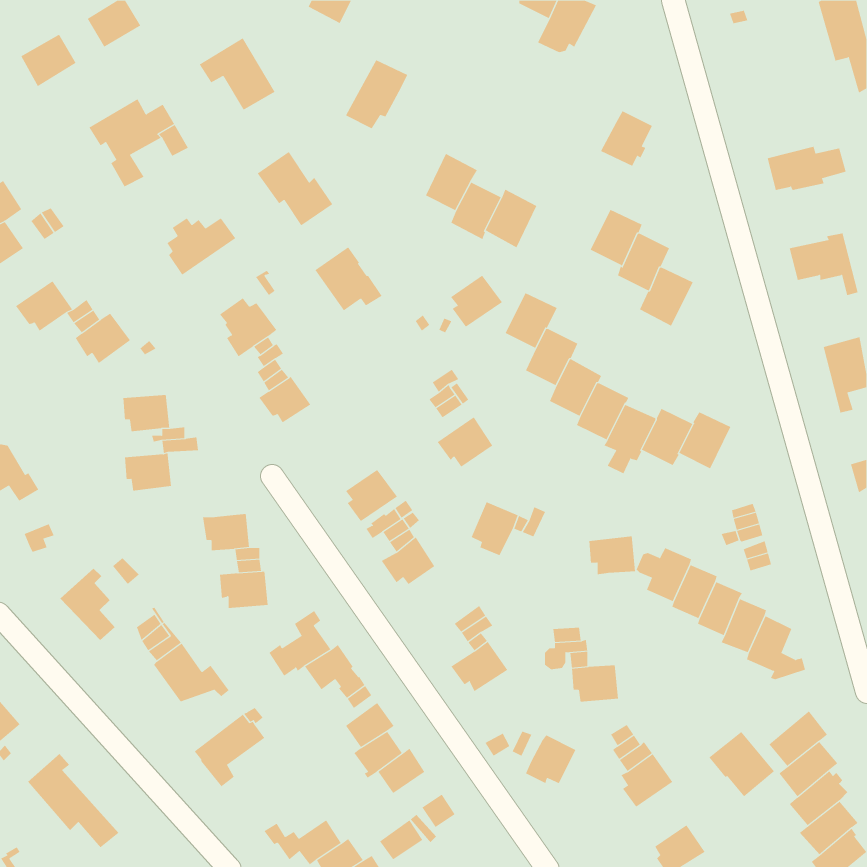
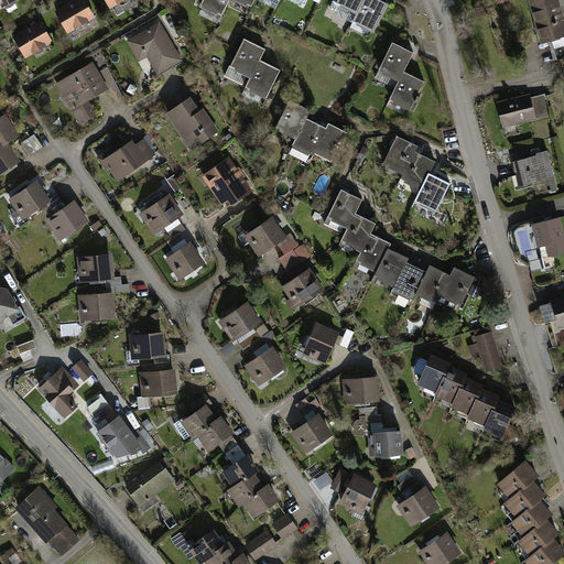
building: none -> [376,43,412,80]
building: none -> [245,61,279,98]
building: [450,275,503,328] -> [249,220,283,254]
building: [588,536,636,575] -> [345,378,376,403]
building: [708,731,775,797] -> none

